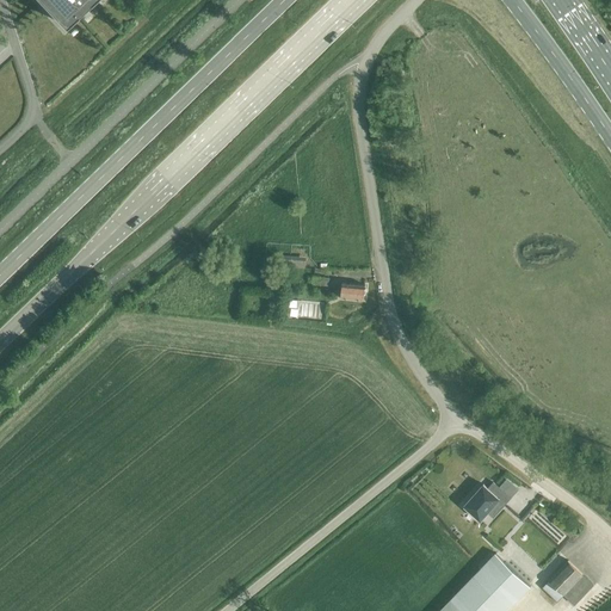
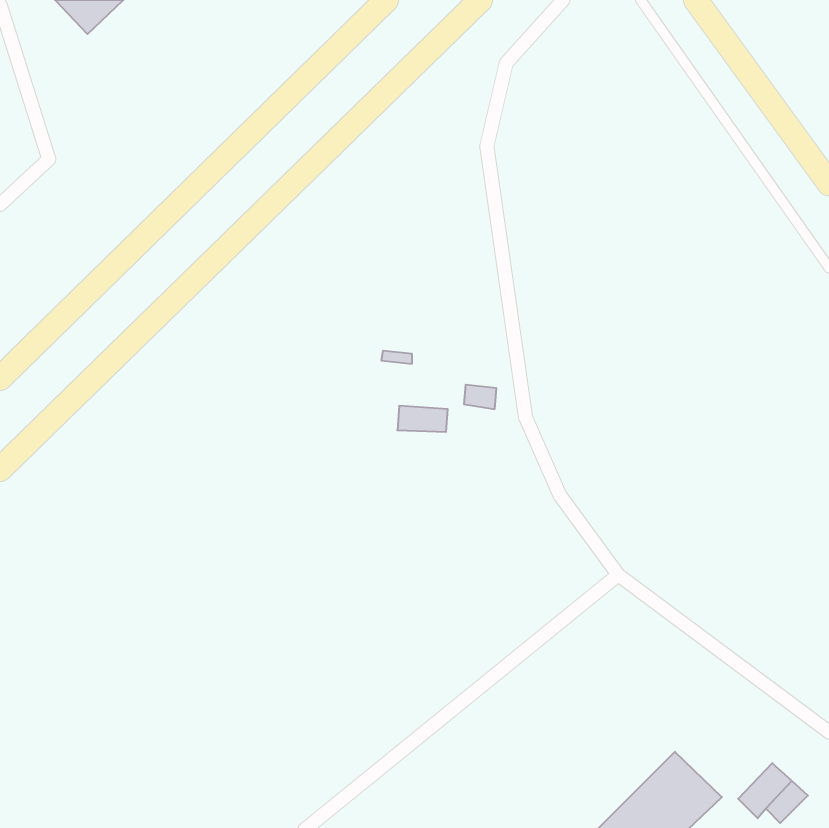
building: [464,483,511,521] -> none

